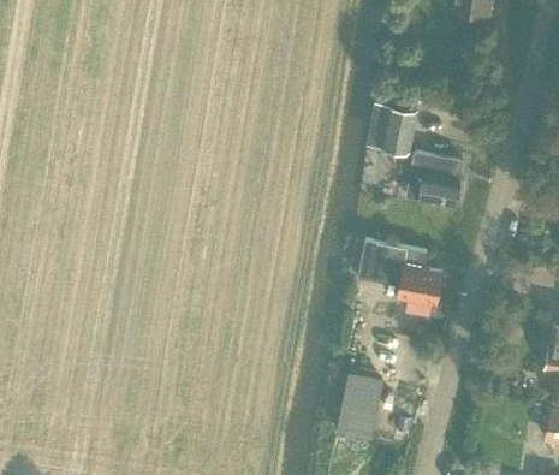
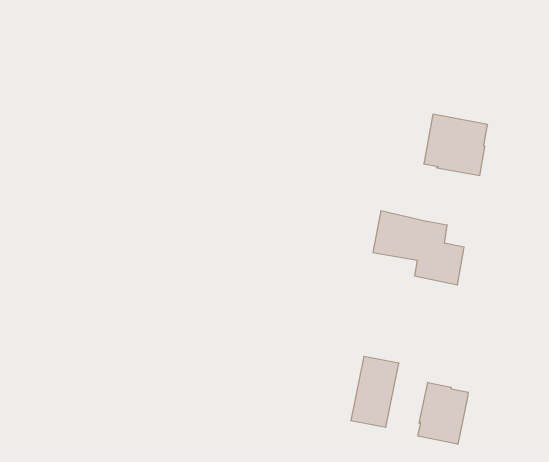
building: [379,108,418,155] -> none
building: none -> [418,382,468,444]

